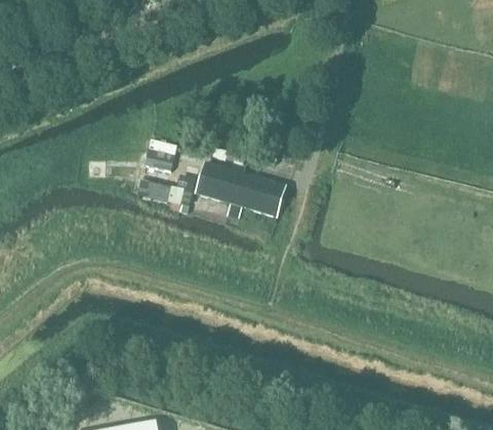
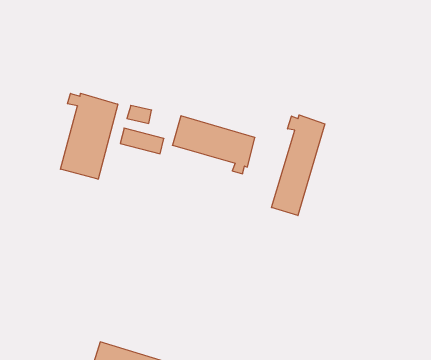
building: none -> [60,93,118,179]
building: none -> [272,115,325,216]

